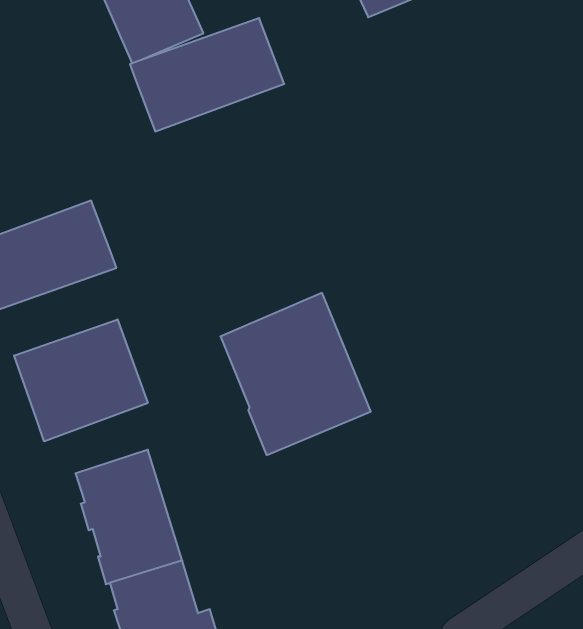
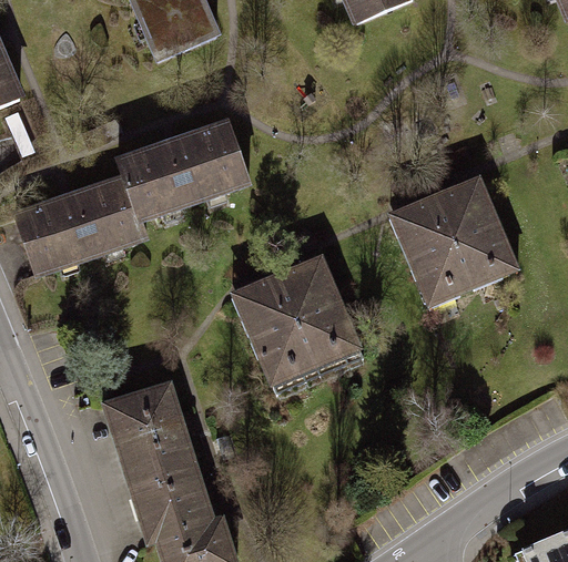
building: [130,18,284,131] -> [119,125,248,221]
building: none -> [387,172,521,305]
building: [14,319,148,441] -> none

